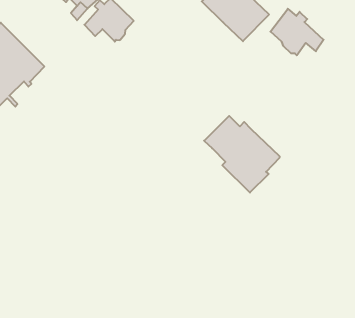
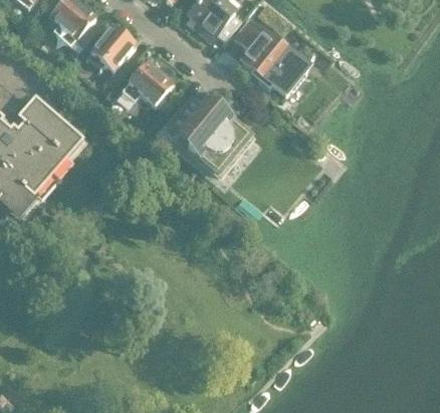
building: [270,9,324,55] -> none
building: [204,116,280,193] -> [166,95,246,174]

